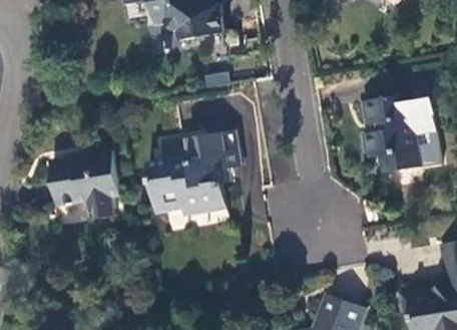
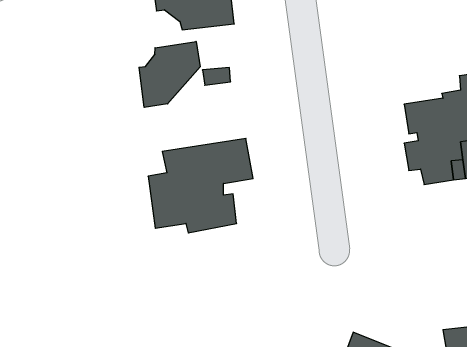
building: none -> [139,41,200,107]
building: [50,151,119,219] -> none

